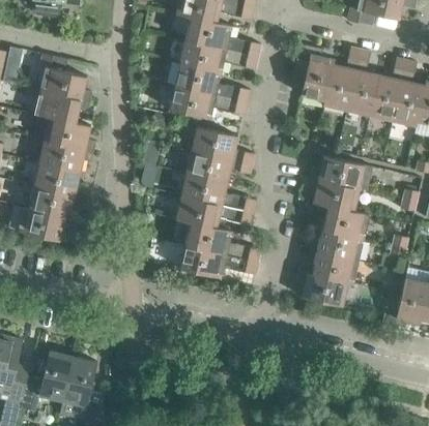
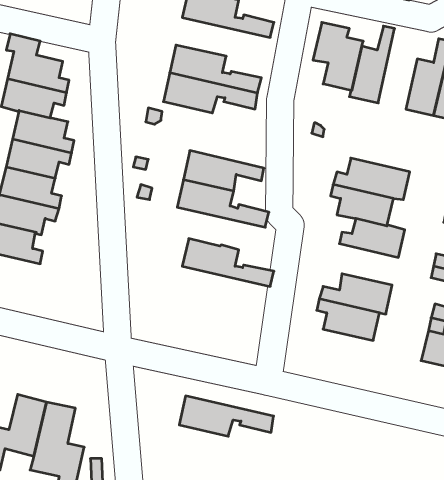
building: [179,39,257,71] -> none
building: [346,49,378,115] -> none
building: [191,126,254,163] -> none
building: [175,195,253,227] -> none
building: [311,225,363,260] -> none
building: [179,244,257,277] -> [179,396,274,436]

